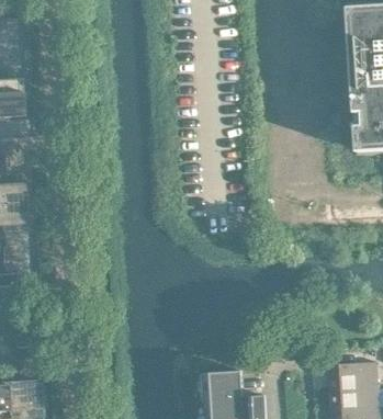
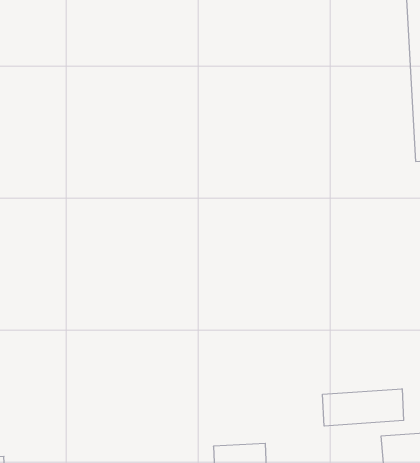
building: none -> [323,389,404,426]

